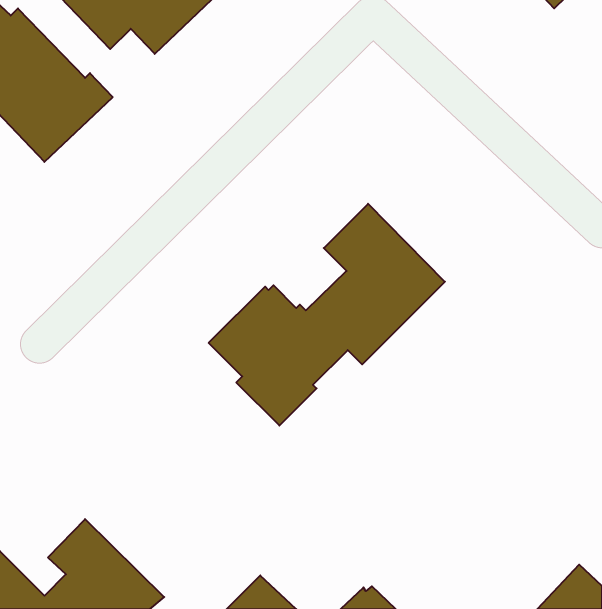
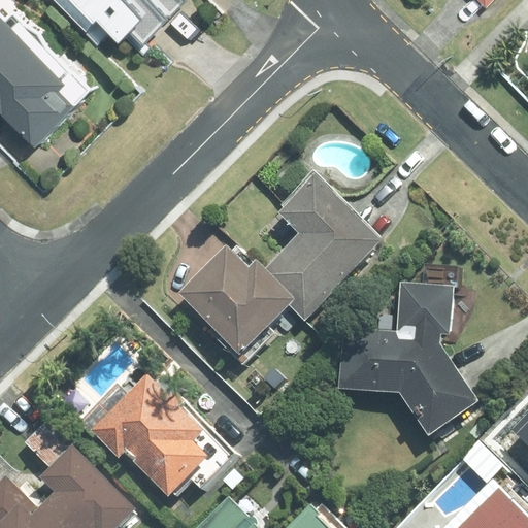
building: none -> [335,298,481,438]
building: none -> [88,373,210,500]

